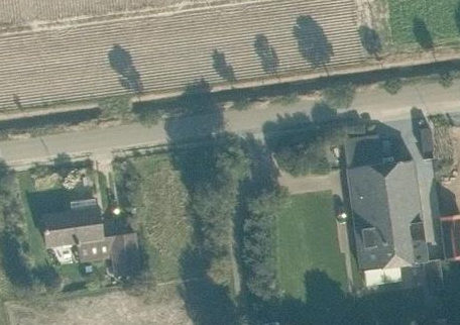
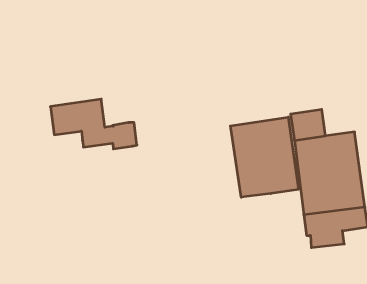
building: none -> [230,117,298,197]
building: [43,206,136,259] -> [50,99,137,149]

